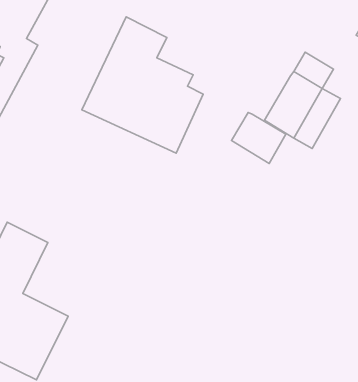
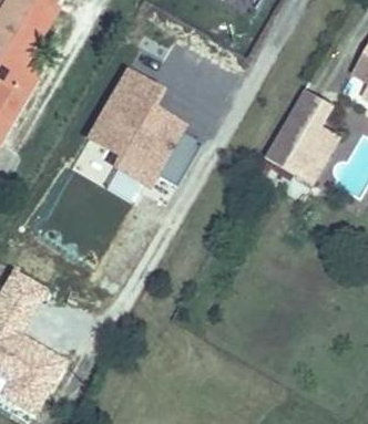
building: [232,112,286,164] -> none

